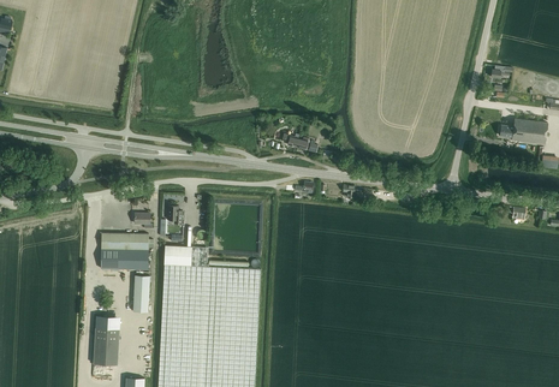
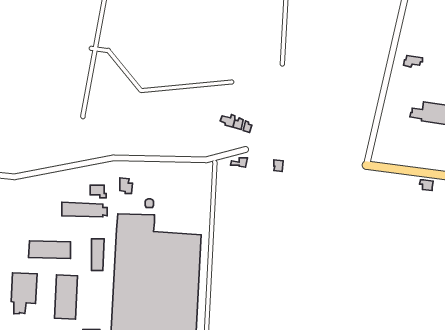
building: [101,250,149,270] -> [28,241,71,259]
building: none -> [11,273,37,314]

